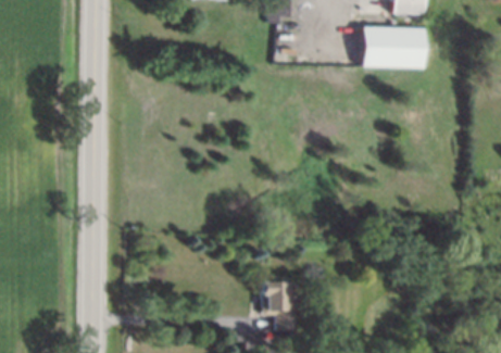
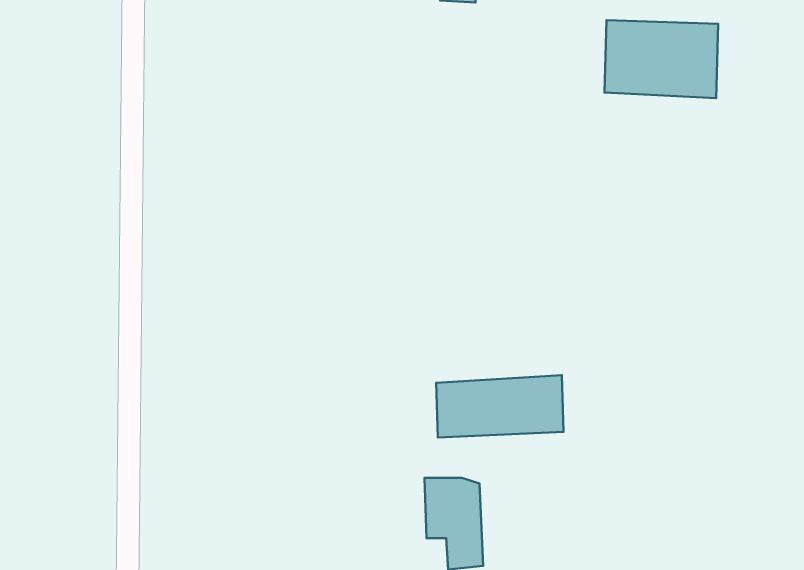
building: none -> [436,375,564,438]

